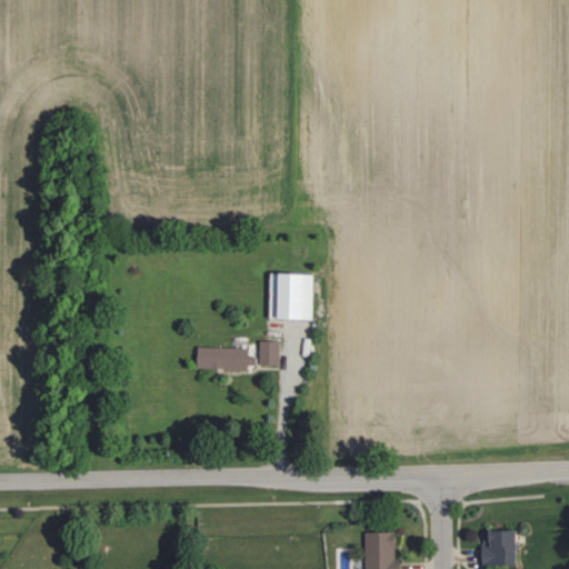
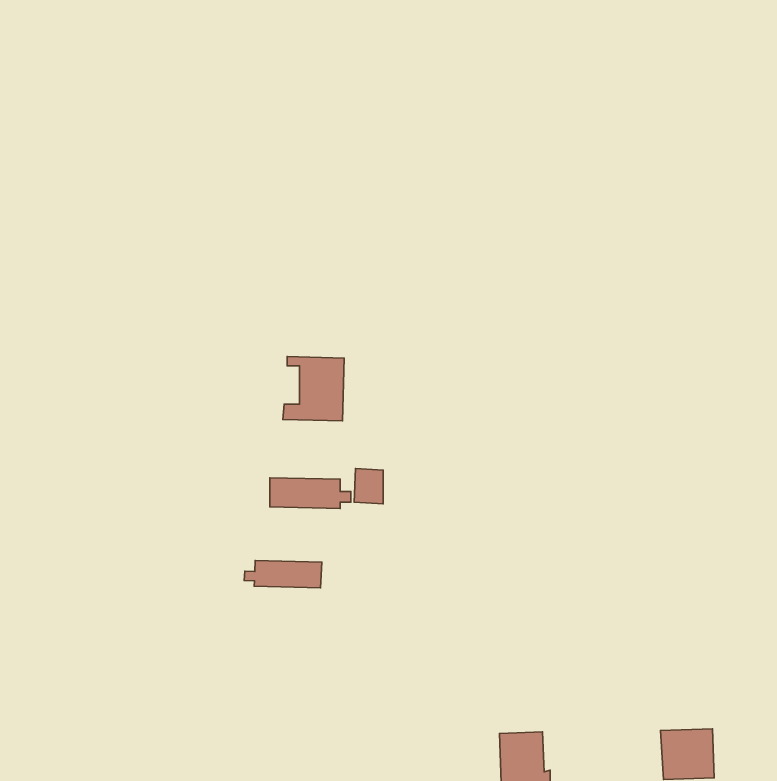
building: [269,273,313,320] -> [283,357,344,421]
building: none -> [244,561,322,588]

